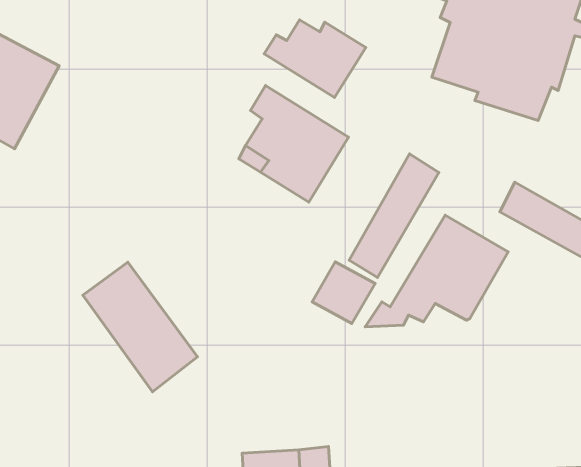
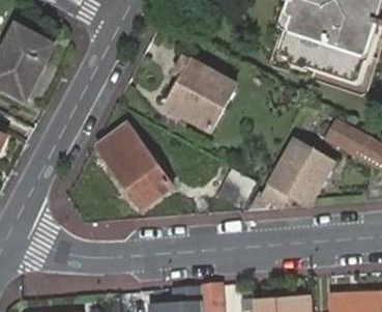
building: [264,20,366,98] -> none
building: [349,154,439,277] -> none
building: [83,262,198,392] -> [98,126,170,207]

